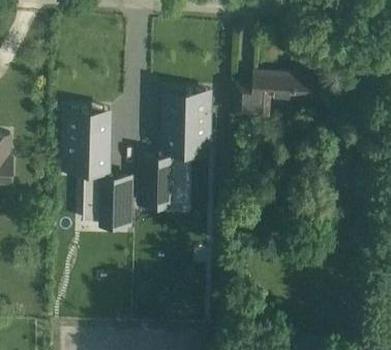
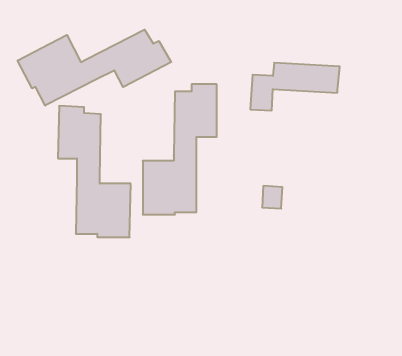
building: none -> [18,30,171,106]

